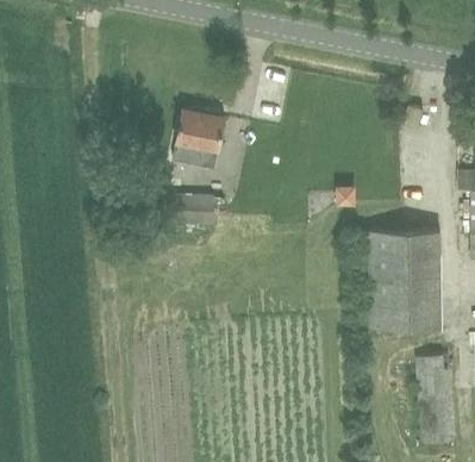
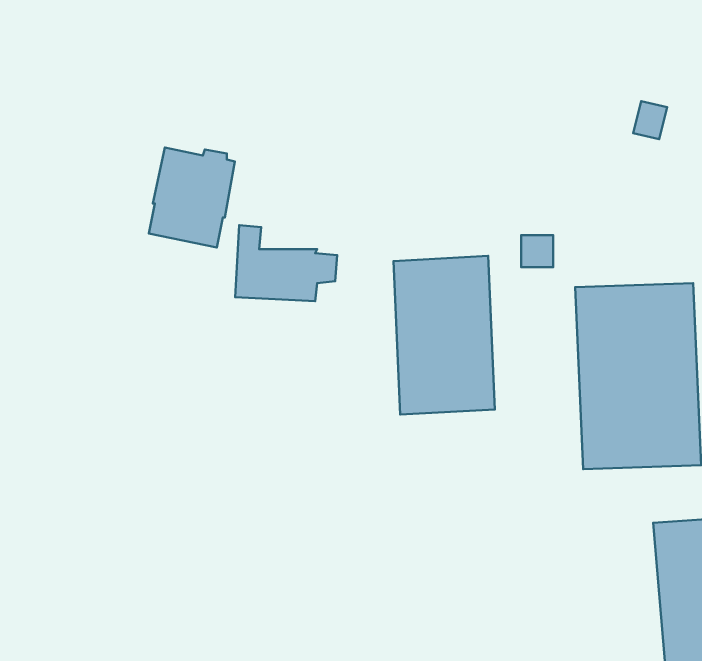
building: [173,110,224,169] -> [149,148,235,248]
building: none -> [393,256,495,415]

